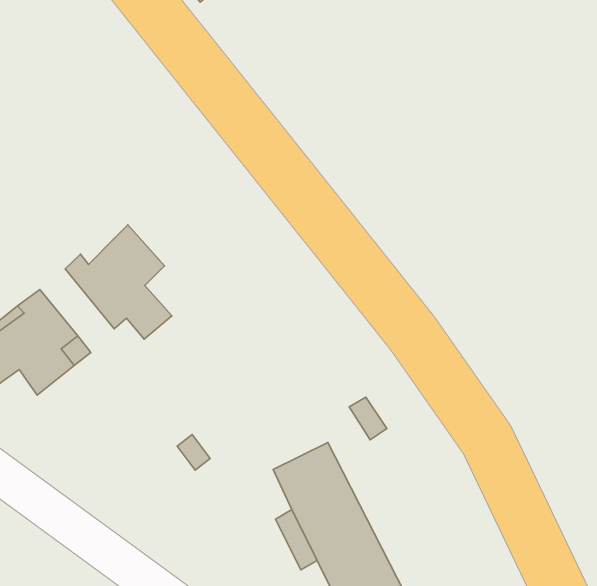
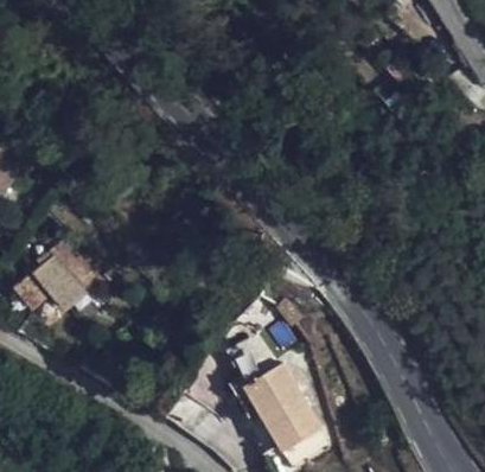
building: [65,225,172,339] -> none

